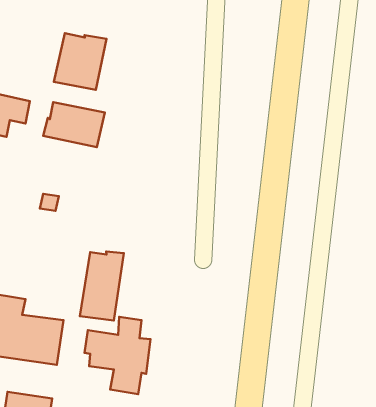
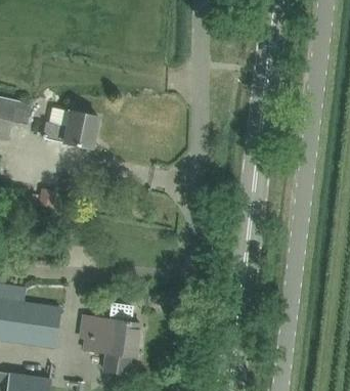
building: [54,33,107,90] -> none
building: [80,252,124,321] -> none

